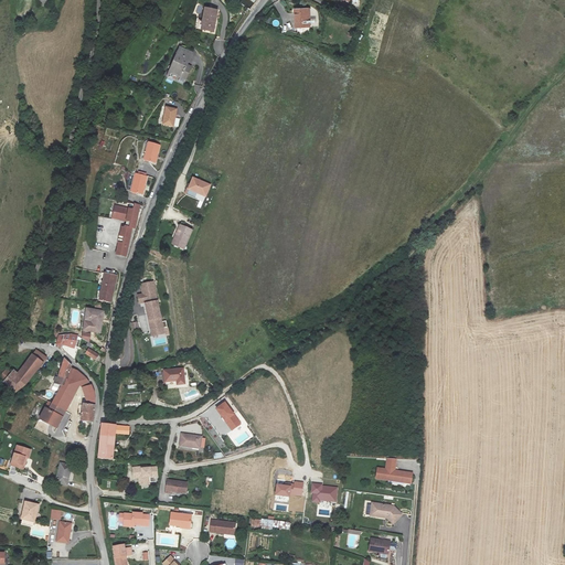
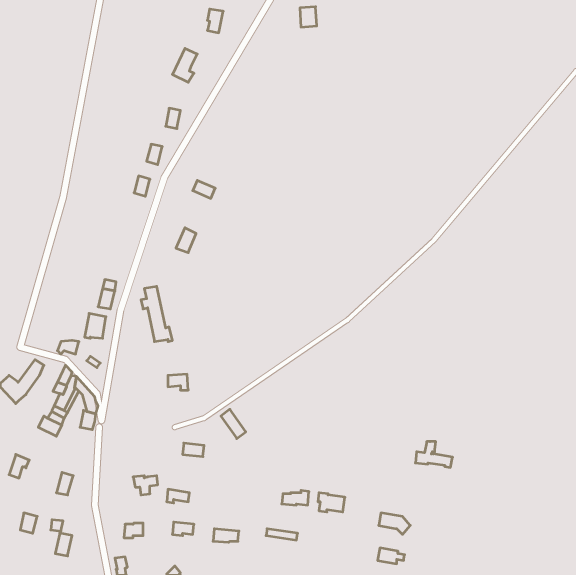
building: [111,202,140,255] -> none
building: [96,425,127,459] -> none
building: [376,457,413,482] -> [415,442,453,467]

